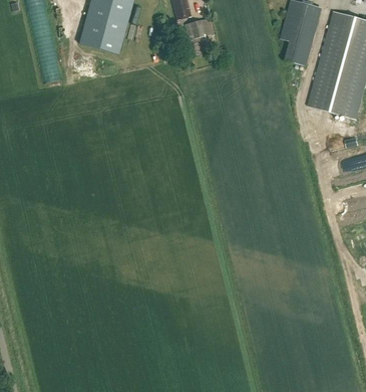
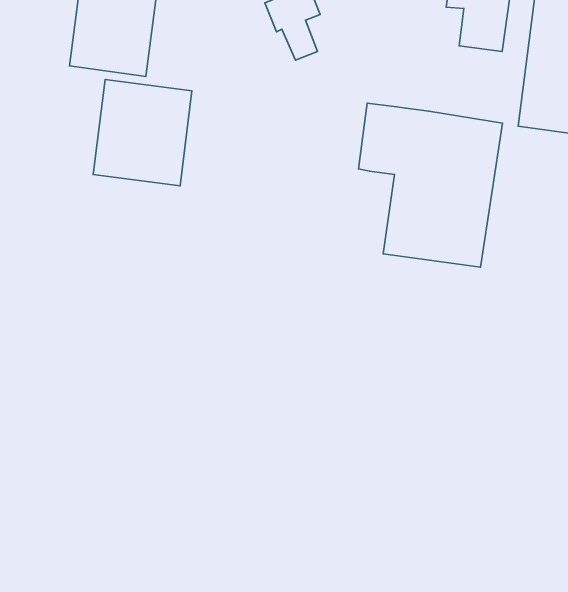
building: none -> [93,80,192,186]
building: none -> [359,103,503,267]

